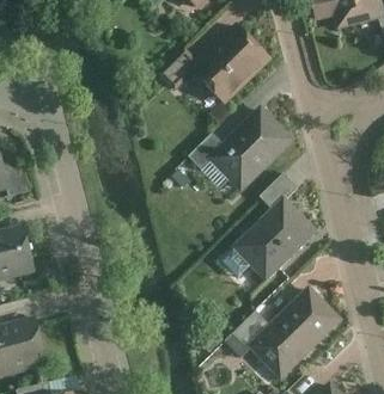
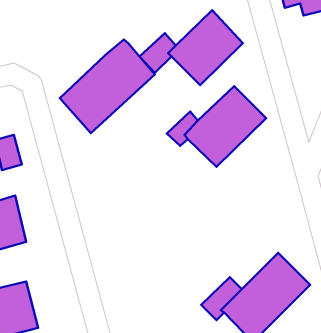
building: none -> [60,40,155,133]
building: [221,195,317,282] -> none

